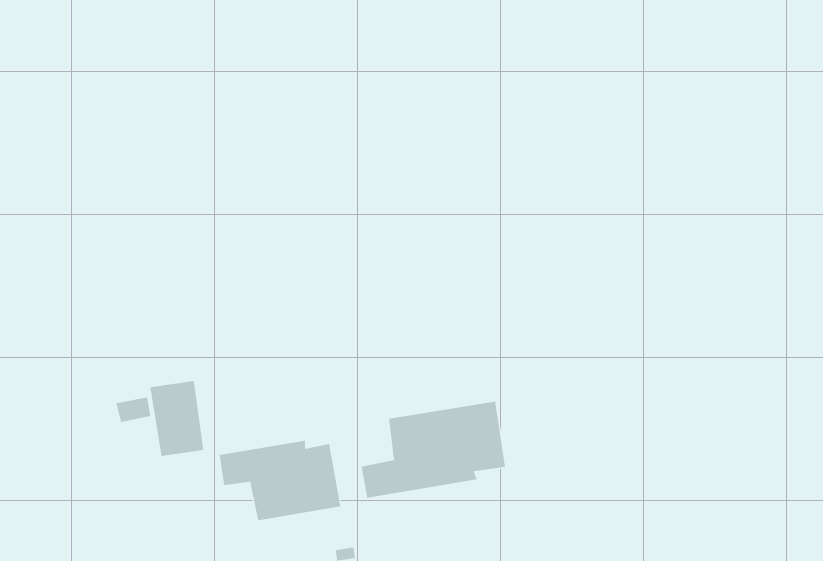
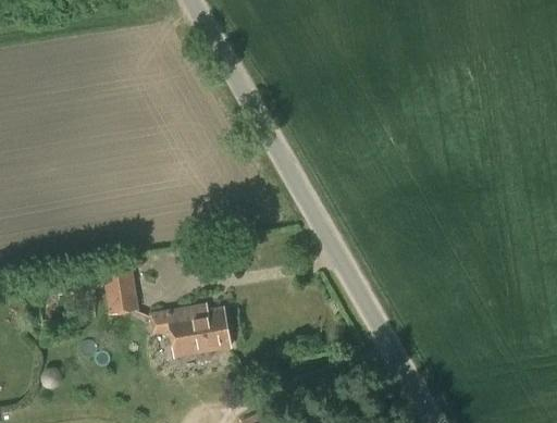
building: [361,401,506,498] -> none

